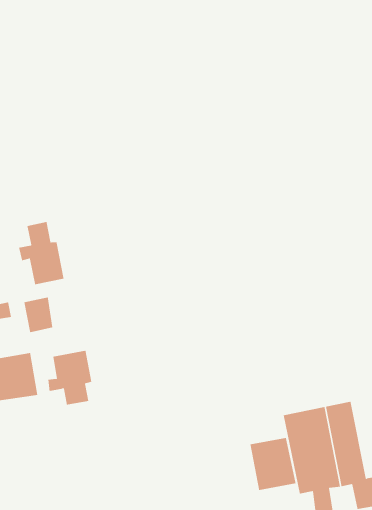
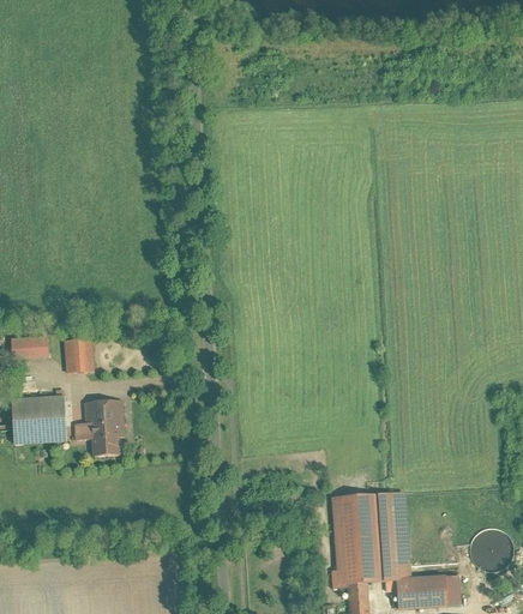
building: [18,221,64,285] -> none
building: [250,437,296,491] -> none

